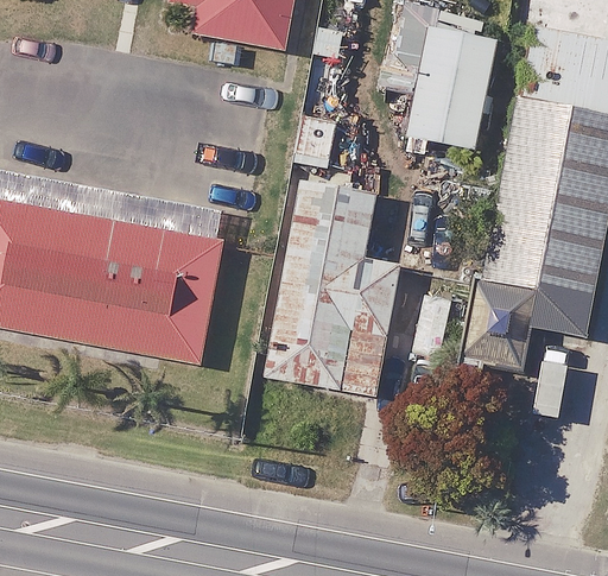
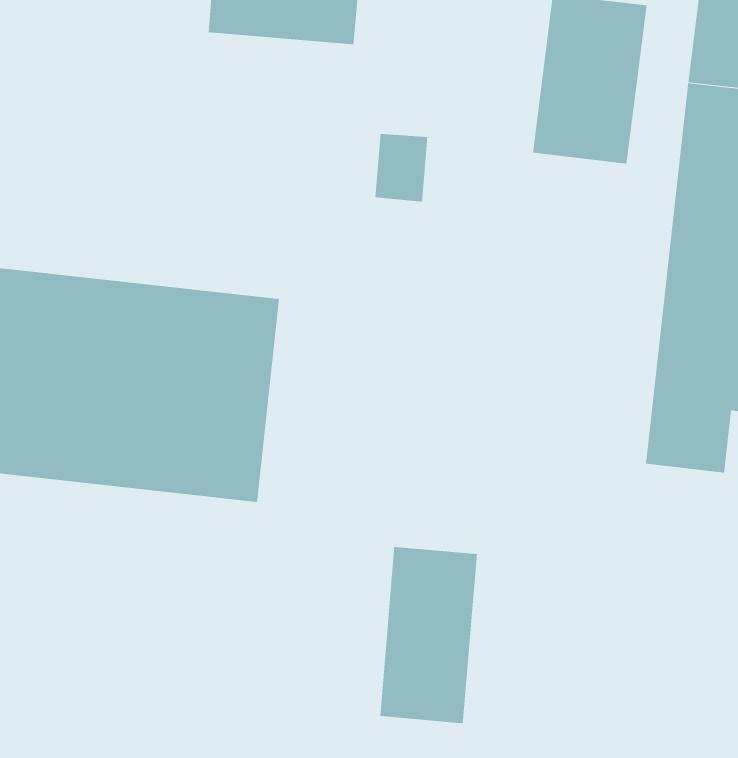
building: [267,170,400,393] -> none
building: none -> [380,546,477,724]

